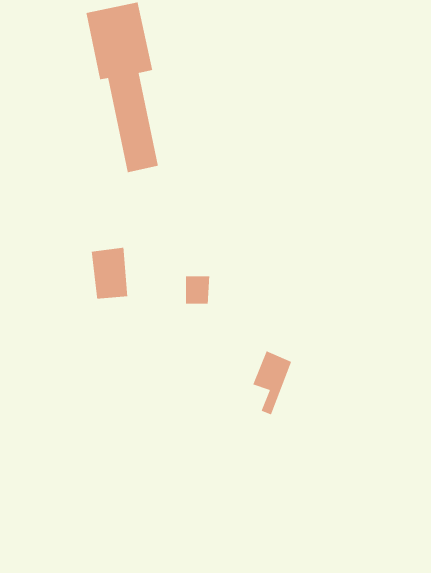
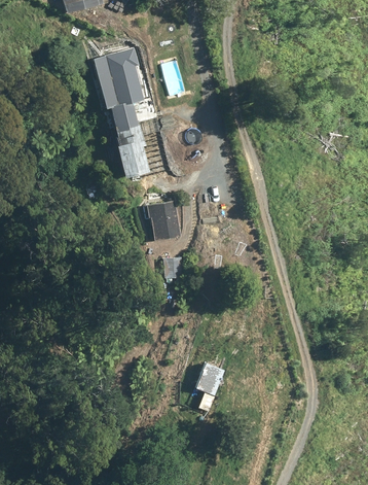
building: [91,247,128,300] -> [154,197,182,236]
building: [252,350,292,415] -> [195,362,225,411]

